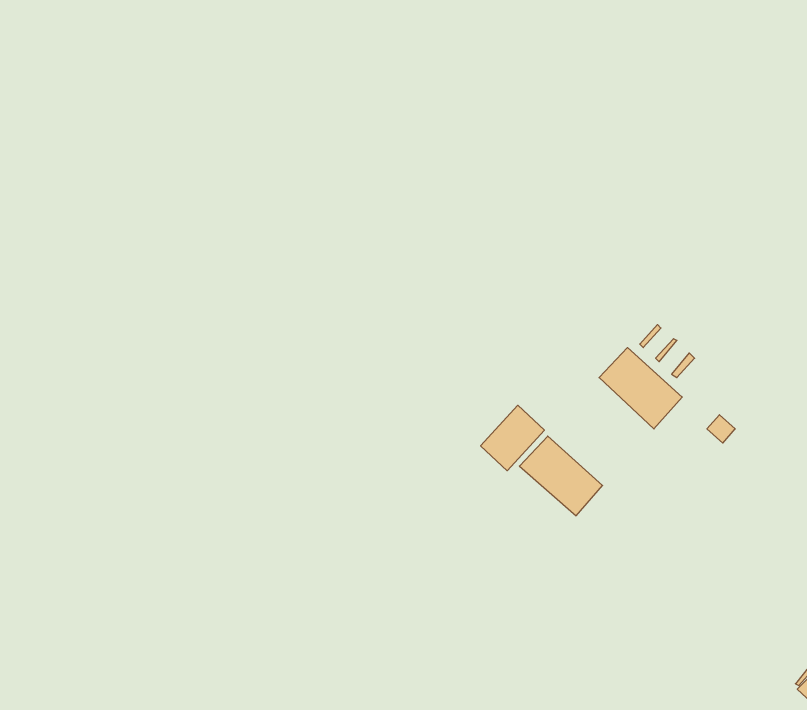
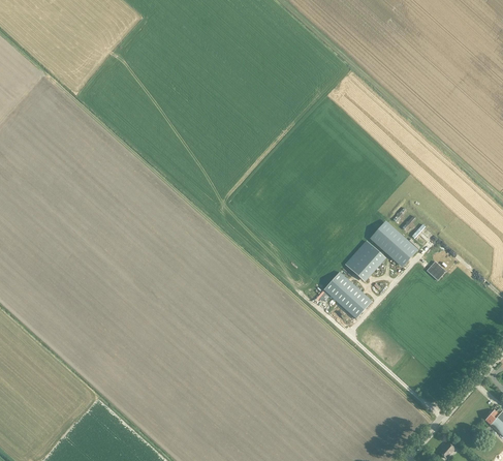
building: [481,405,544,471] -> [345,241,382,279]

